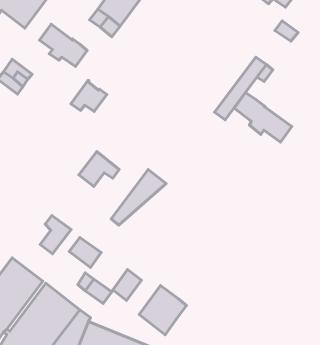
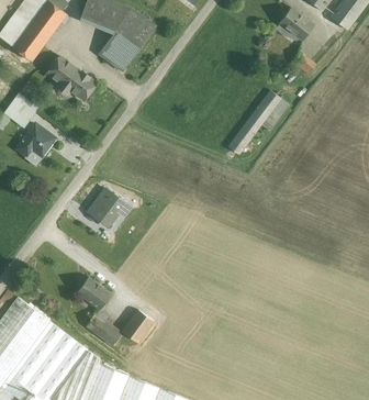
building: [71,81,107,111] -> [16,124,54,156]
building: [234,93,292,142] -> none
building: [111,169,166,225] -> none
building: [40,215,71,254] -> none
building: [139,285,187,335] -> none

